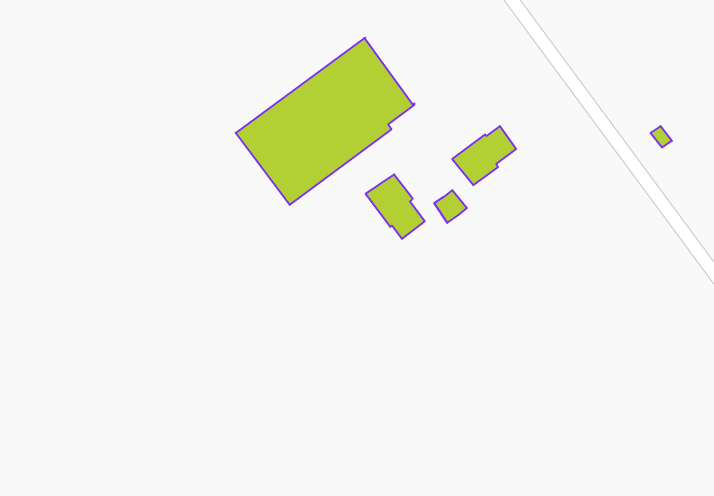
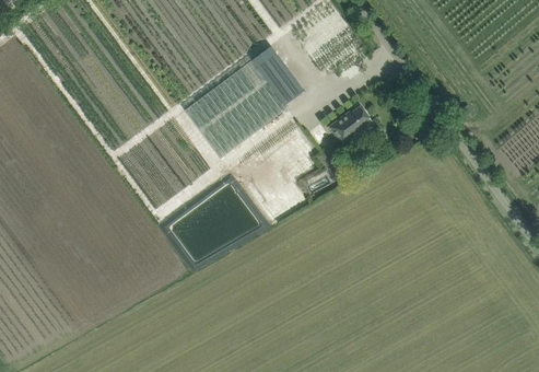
building: [366,174,425,239] -> none

